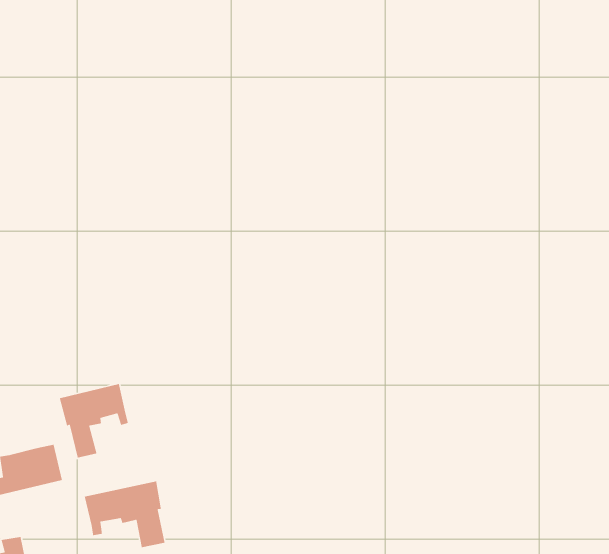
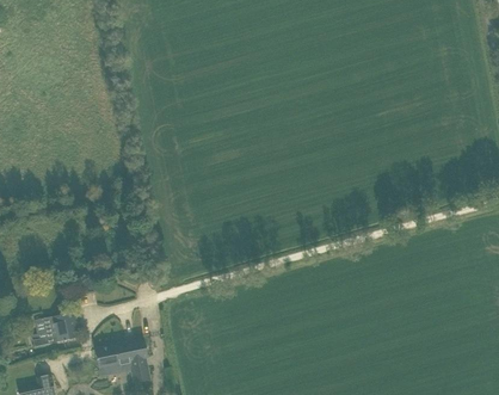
building: [59,383,129,459] -> none

